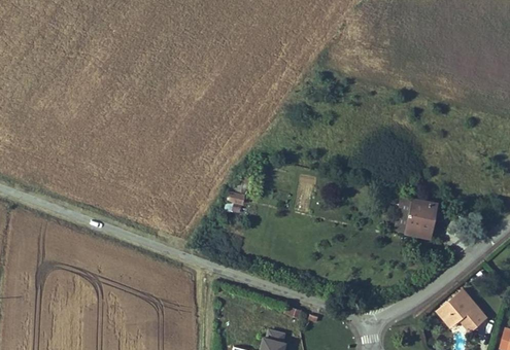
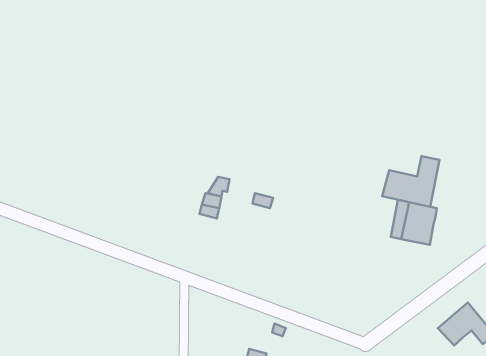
building: none -> [382,156,440,207]

